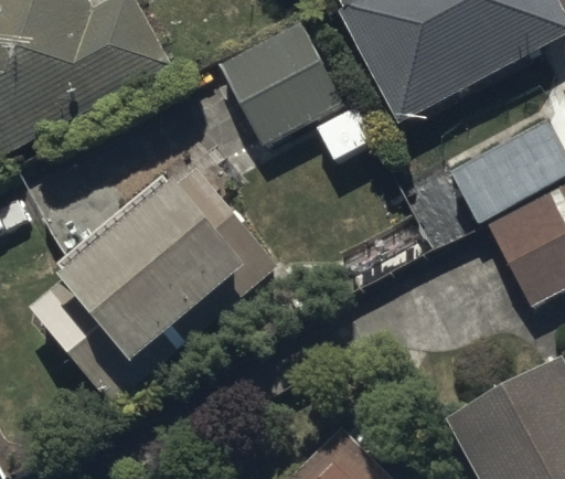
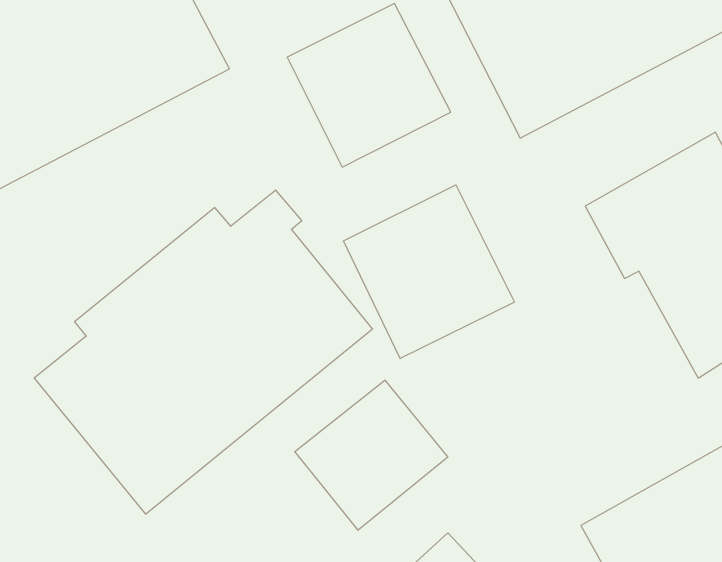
building: none -> [343,185,514,359]
building: none -> [295,380,448,530]

